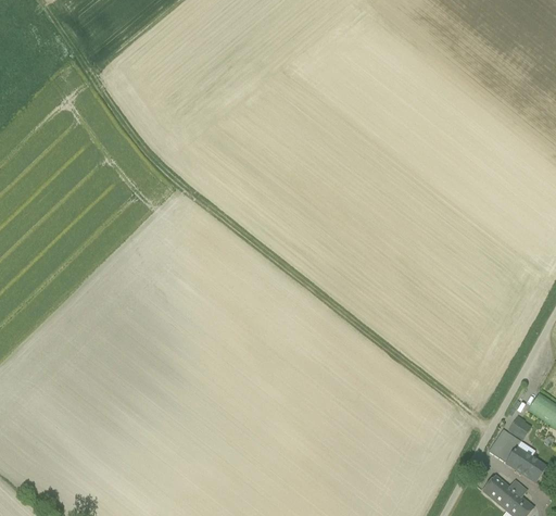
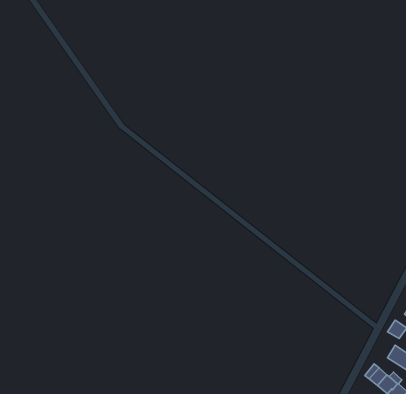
building: [491,436,519,464] -> none

